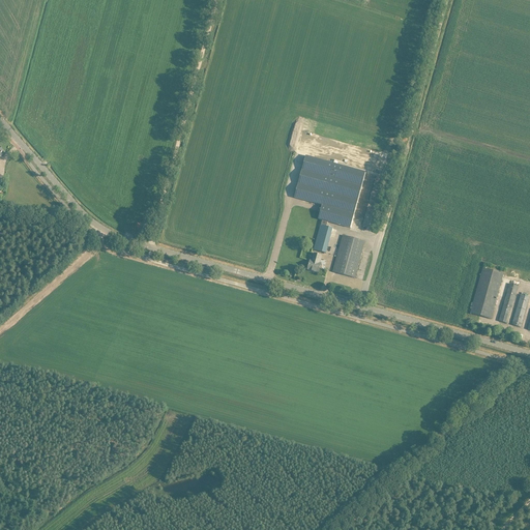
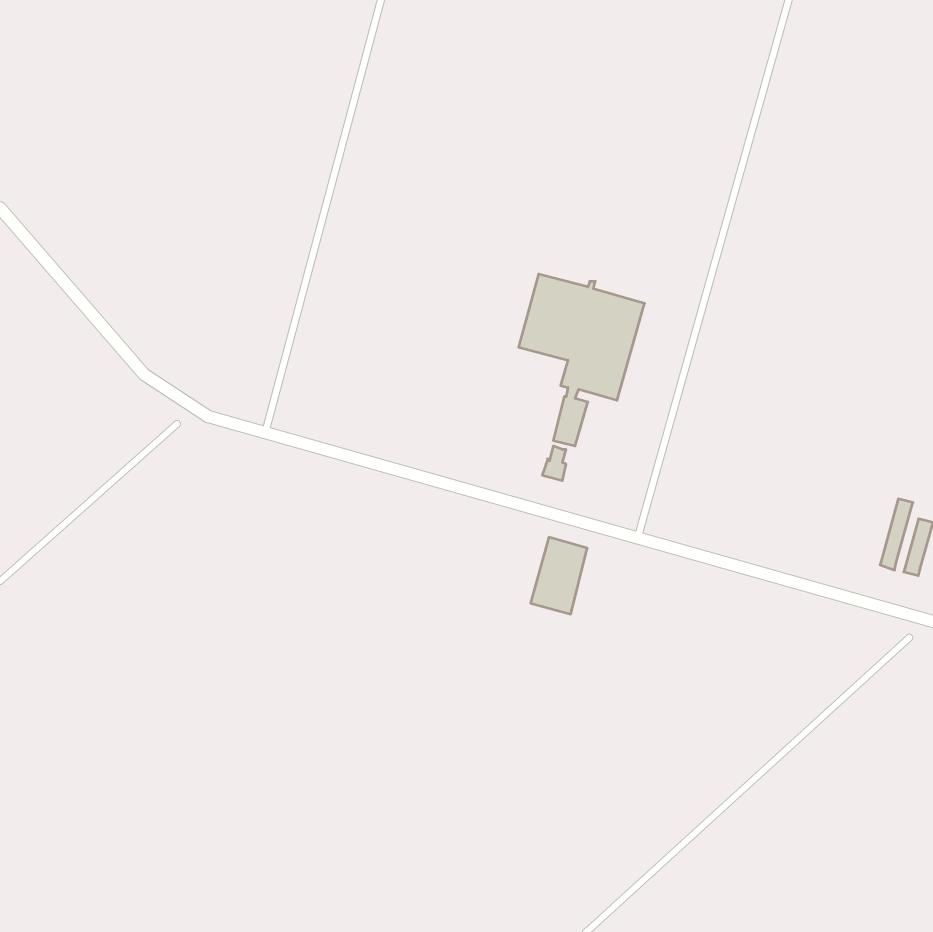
building: [332,234,364,277] -> [531,537,587,614]
building: [470,267,504,318] -> none

